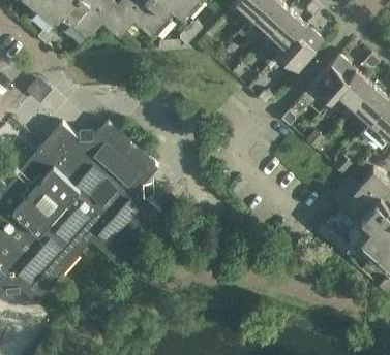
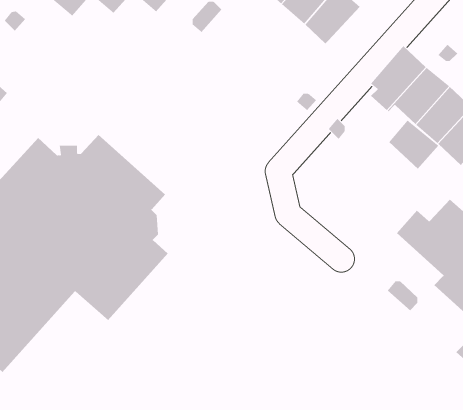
building: [274,26,322,70] -> none
building: none -> [388,115,439,169]

